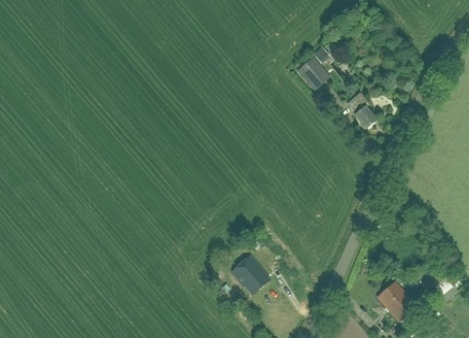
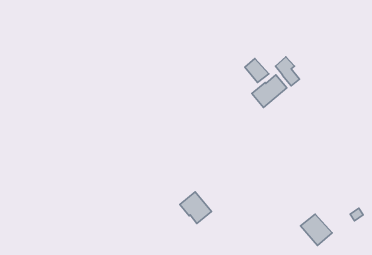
building: [299,59,328,88] -> [245,59,269,82]
building: none -> [252,75,287,107]

